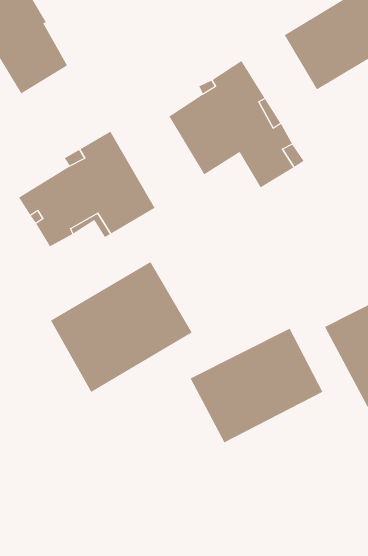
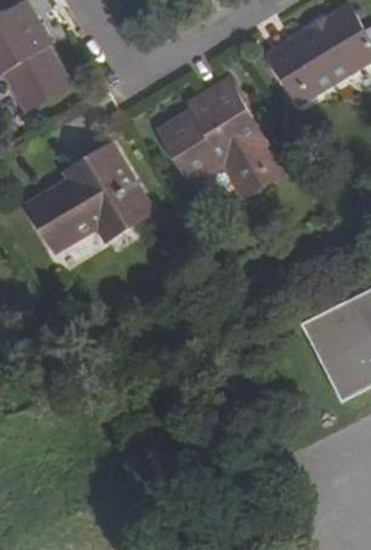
building: [50,261,192,393] -> none
building: [190,328,323,443] -> none

